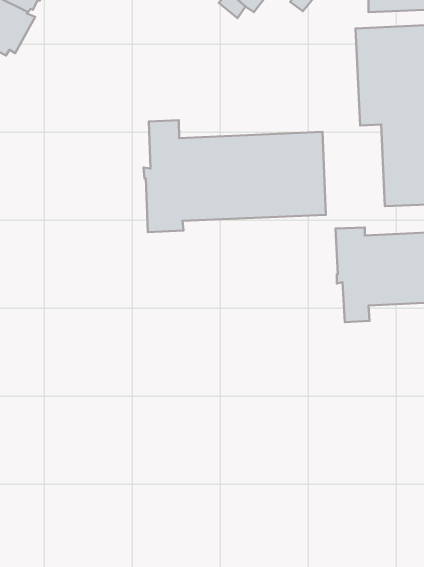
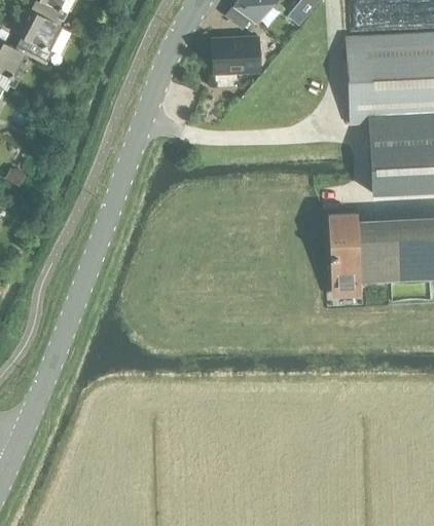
building: none -> [212,37,260,72]
building: [143,120,326,232] -> none

